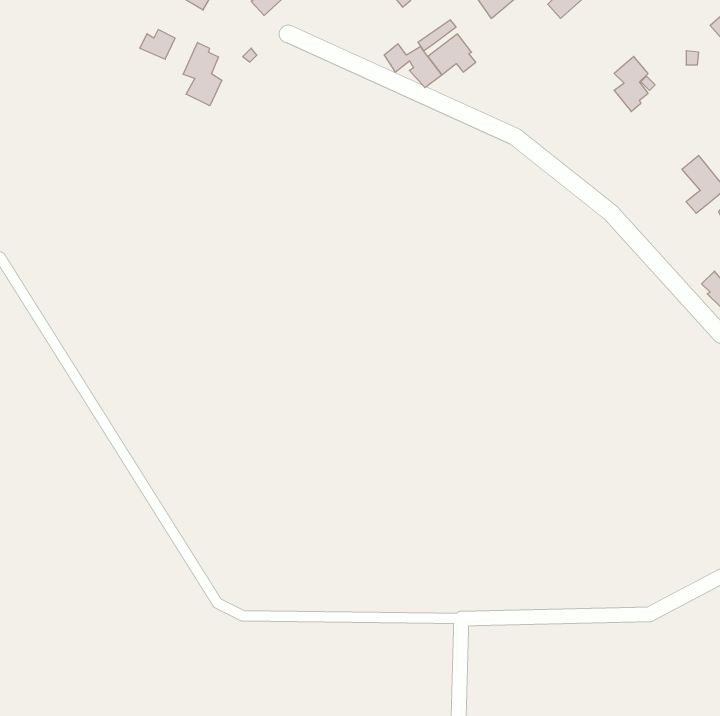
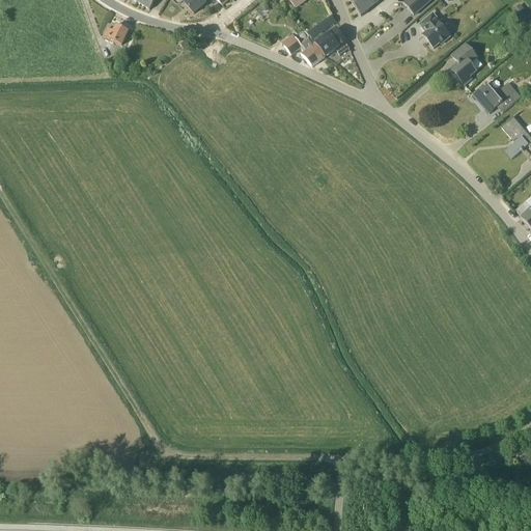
building: none -> [420,10,451,46]
building: [183,42,222,106] -> none
building: none -> [474,81,522,111]

